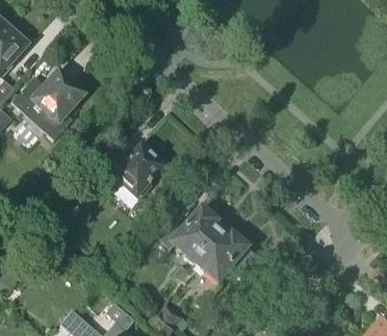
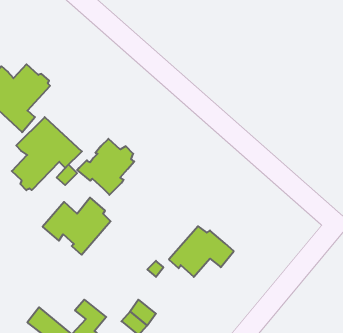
building: none -> [12,117,82,190]
building: [157,208,223,263] -> [43,198,111,255]

